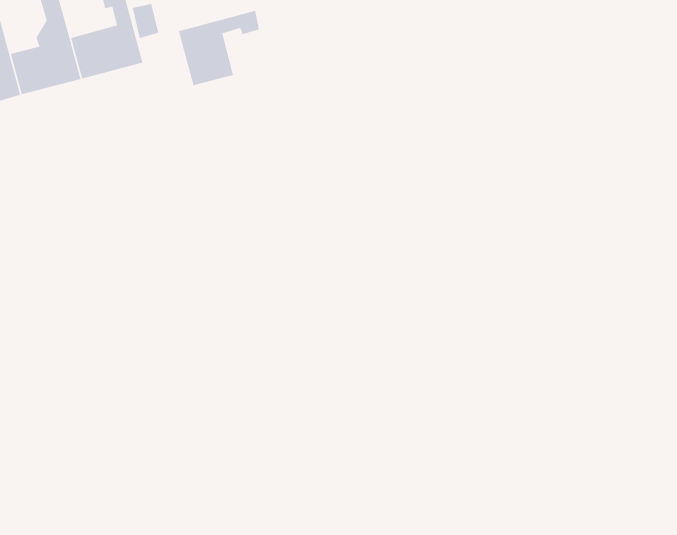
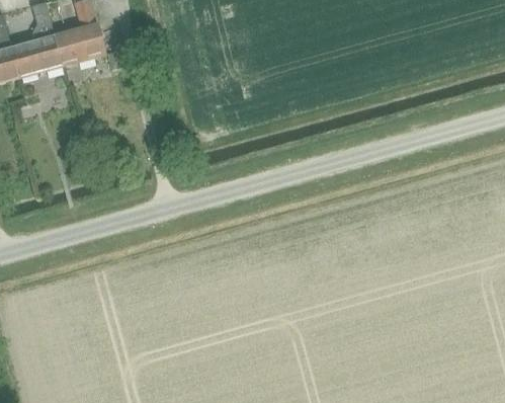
building: [177,10,260,86] -> none

